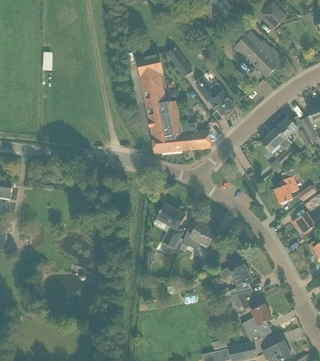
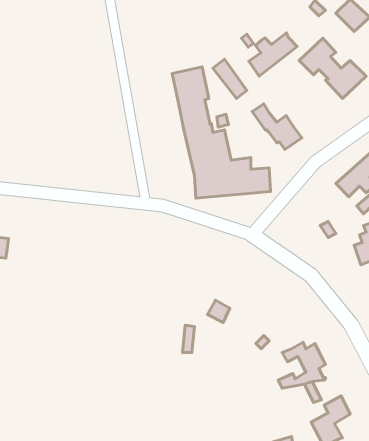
building: none -> [249,33,297,76]
building: [158,204,185,229] -> none
building: [182,223,220,252] -> none

